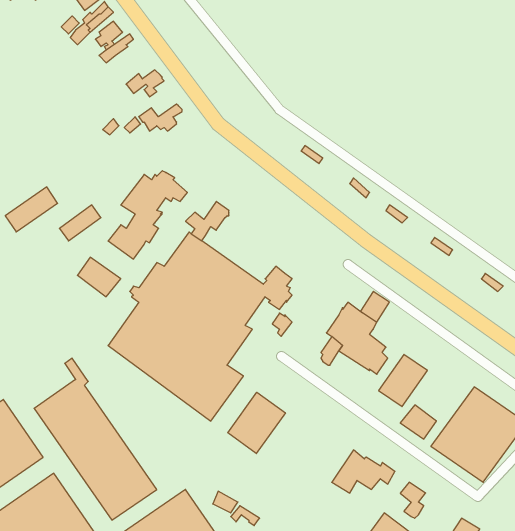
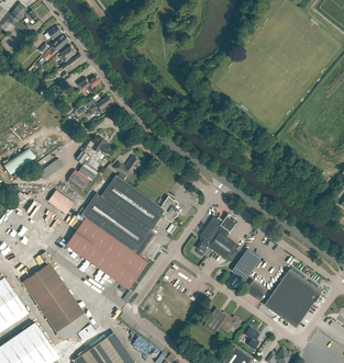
building: [228,392,285,454] -> none

